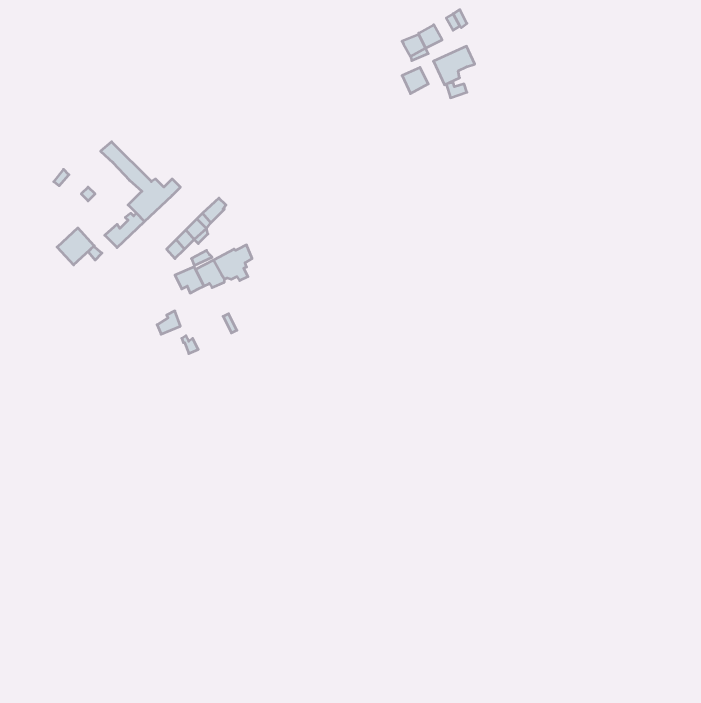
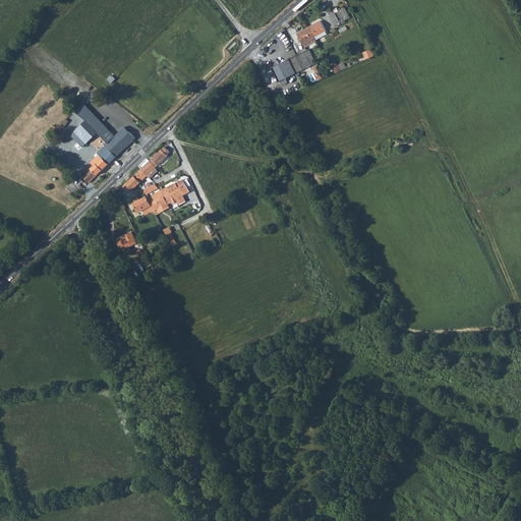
building: [433,46,475,85] -> [273,56,303,84]
building: [57,228,94,265] -> [68,120,96,148]

